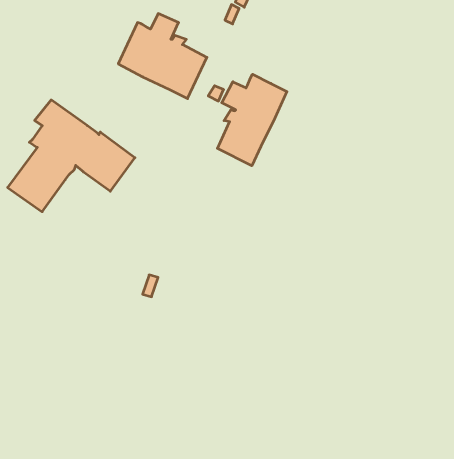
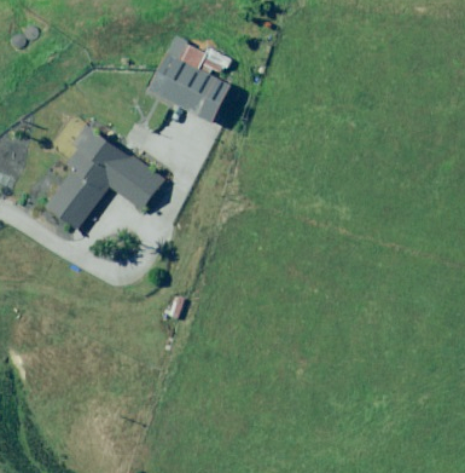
building: [217,74,287,166] -> none

